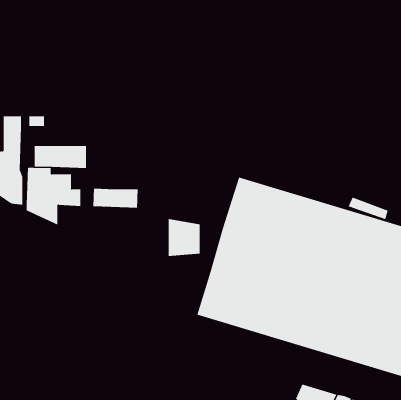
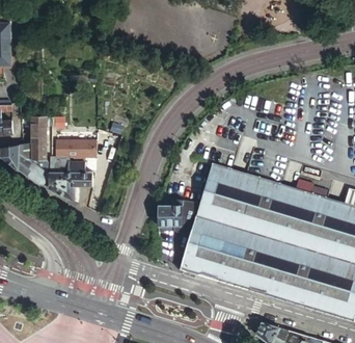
building: [93,188,138,208] -> none

